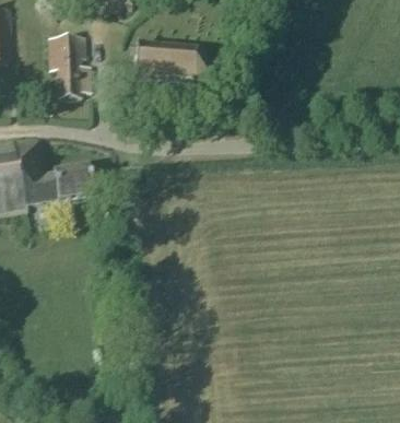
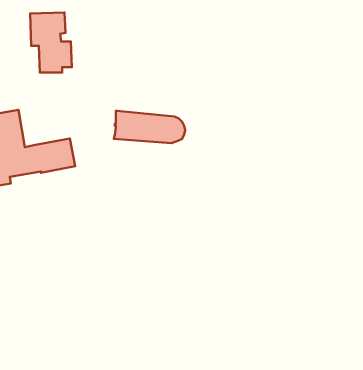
building: [131,44,204,77] -> [114,111,185,143]

